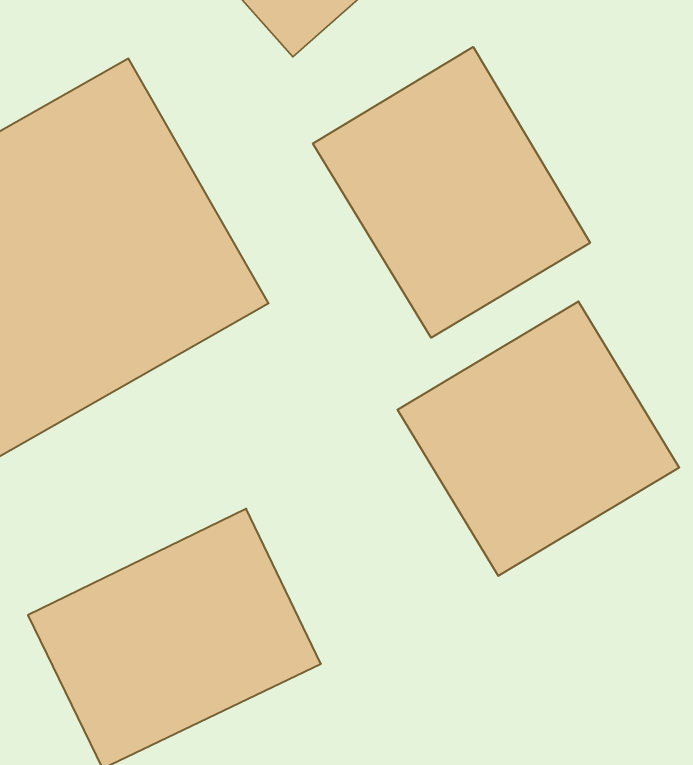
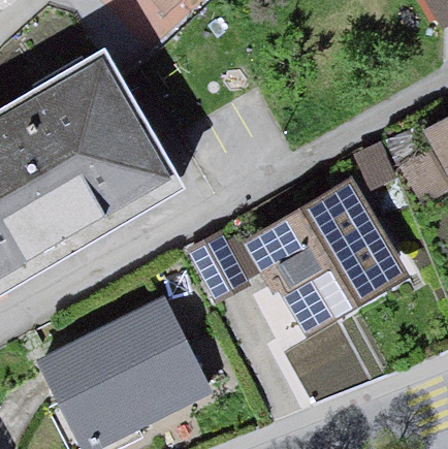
building: [313,47,590,338] -> none

